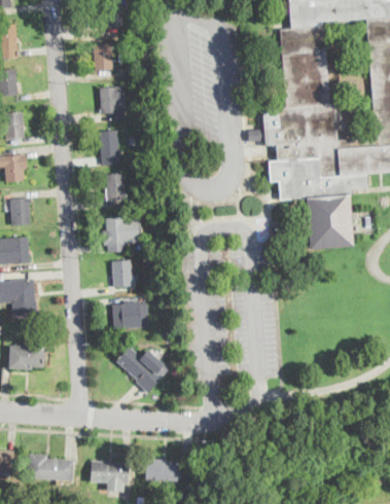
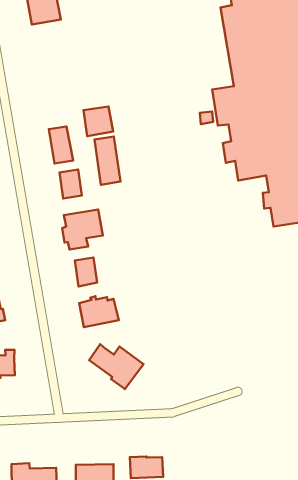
building: [94,44,113,71] -> none
building: [100,87,127,114] -> [84,107,113,136]
building: none -> [95,136,120,185]

